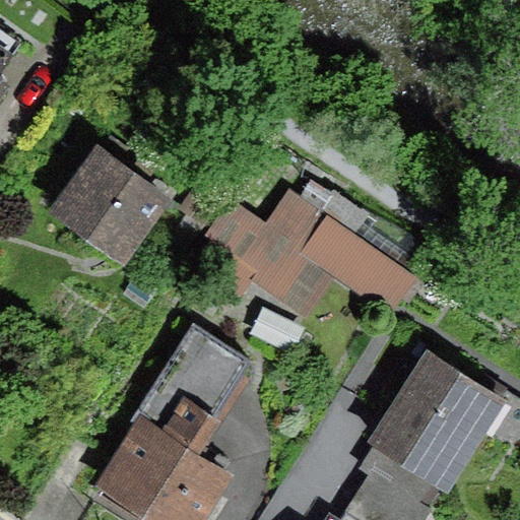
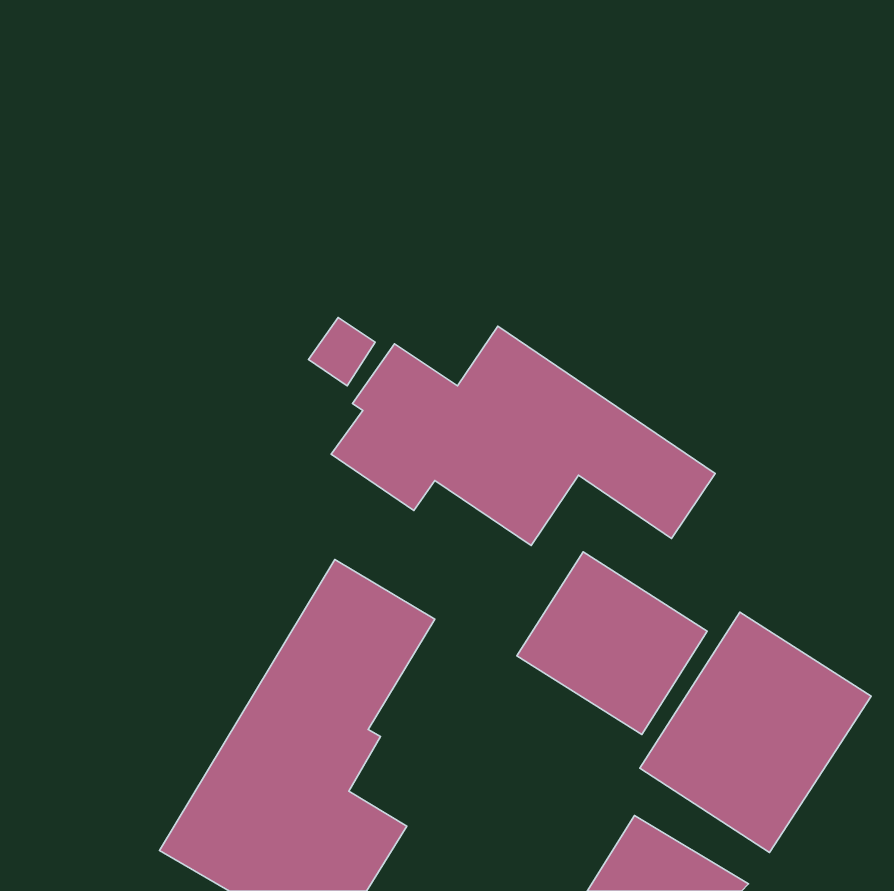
building: [48,143,175,267] -> none
building: none -> [517,552,707,735]

